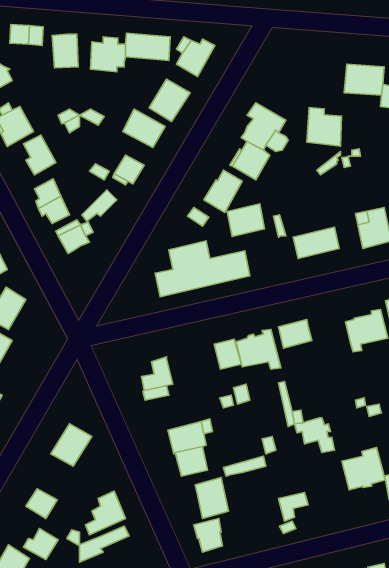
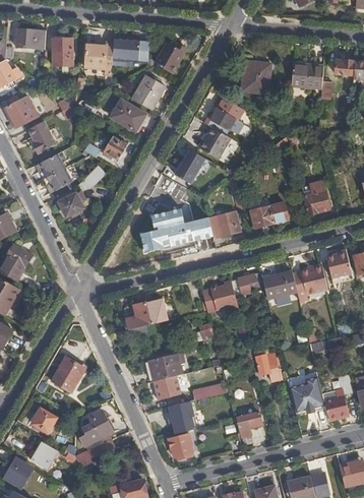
building: [307,107,342,146] -> [242,60,270,91]
building: [227,204,265,236] -> [210,209,241,236]
building: none -> [262,270,297,298]
building: [214,339,242,369] -> [146,300,169,324]

